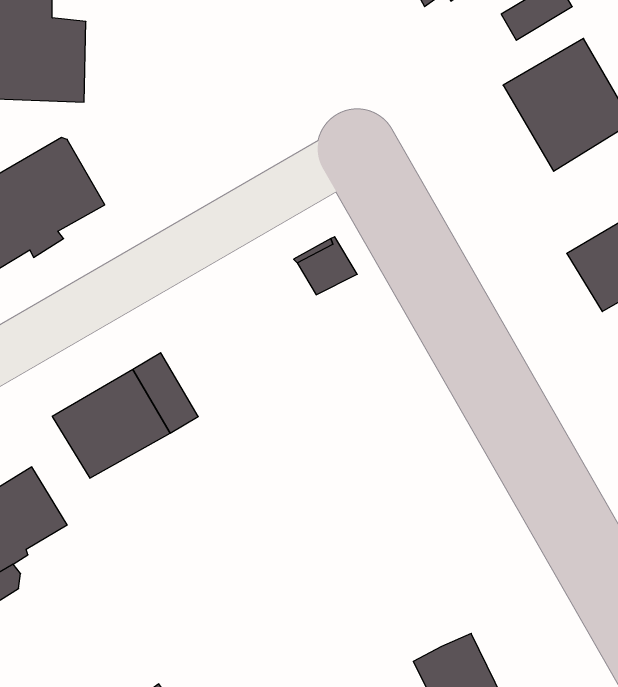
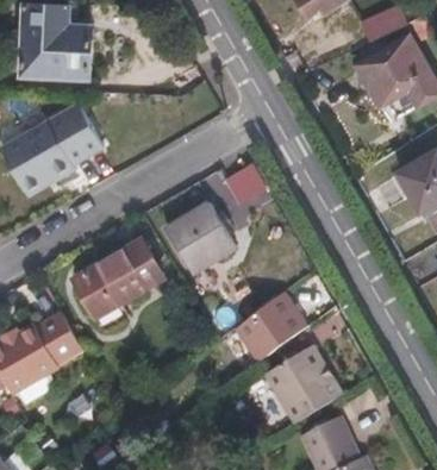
building: none -> [164,201,237,275]
building: none -> [238,292,307,361]
building: none -> [268,345,342,421]

